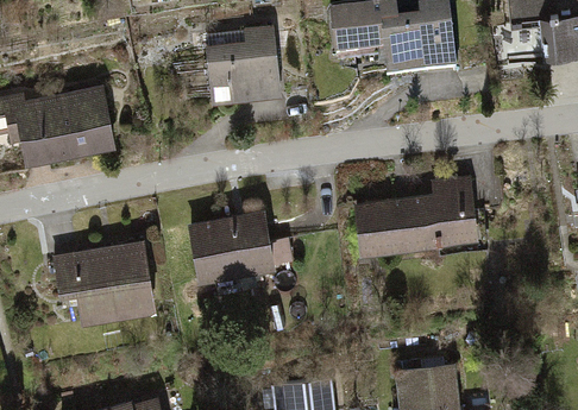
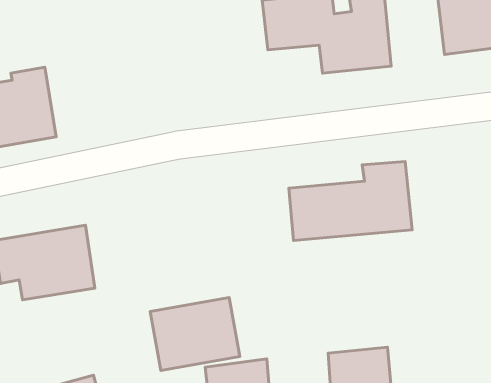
building: [203,27,282,103] -> none
building: [188,208,279,283] -> [150,297,240,371]

